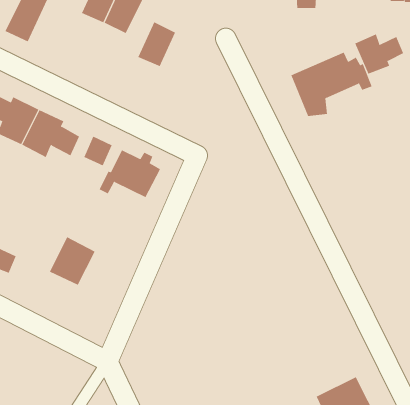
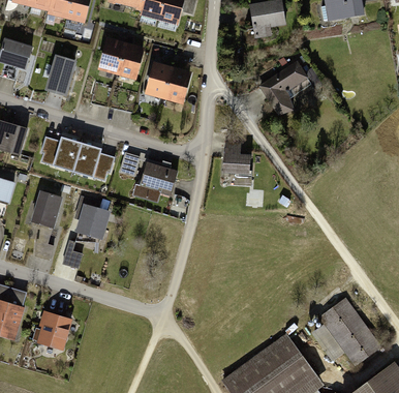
building: none -> [164,69,189,101]
building: [355,33,404,75] -> none
building: none -> [223,141,250,173]
building: [49,237,95,285] -> [78,204,109,238]

